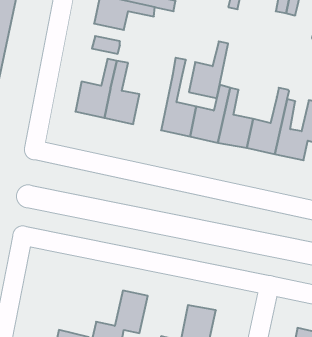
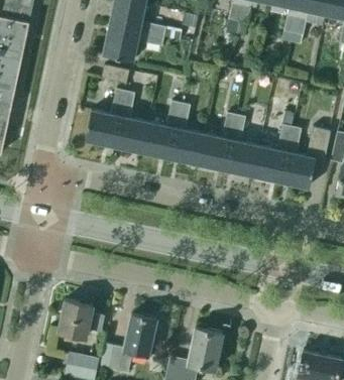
building: [189,41,228,98] -> [142,103,181,158]
building: none -> [59,300,104,339]

